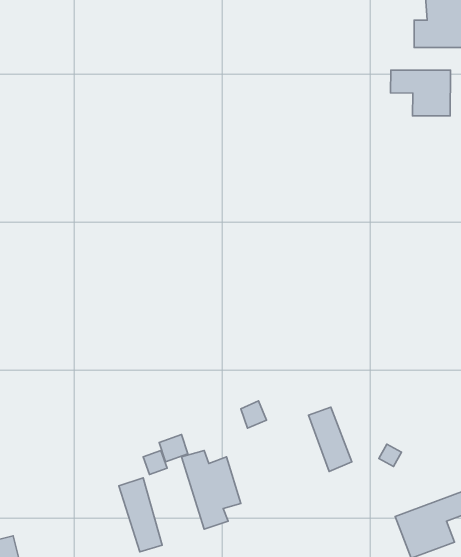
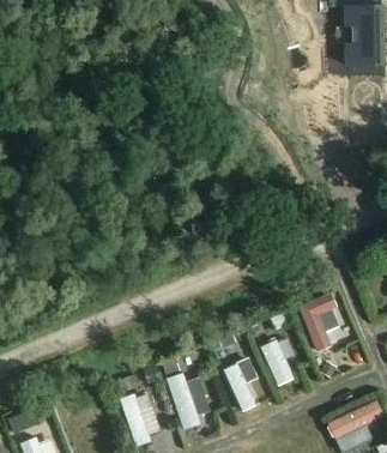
building: [390,70,451,116] -> none
building: none -> [301,291,345,351]
building: none -> [228,357,260,411]

